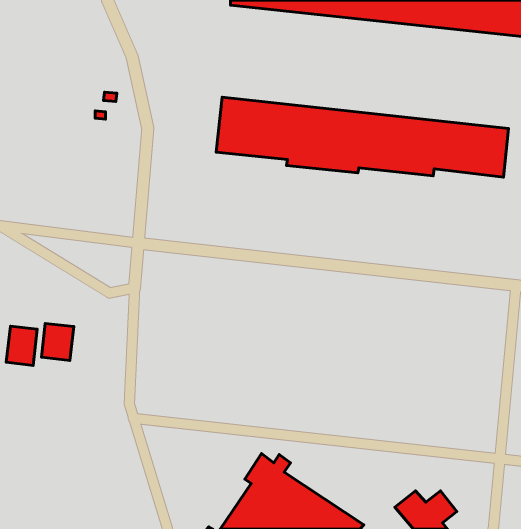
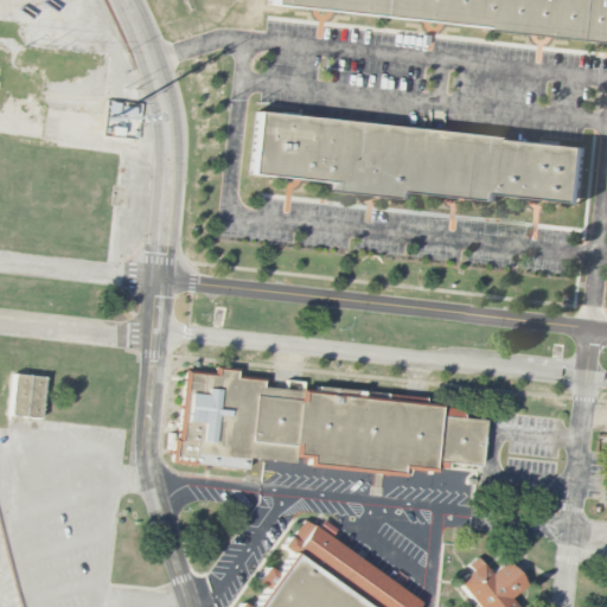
building: [41,323,74,361] -> none
building: none -> [179,371,486,477]

